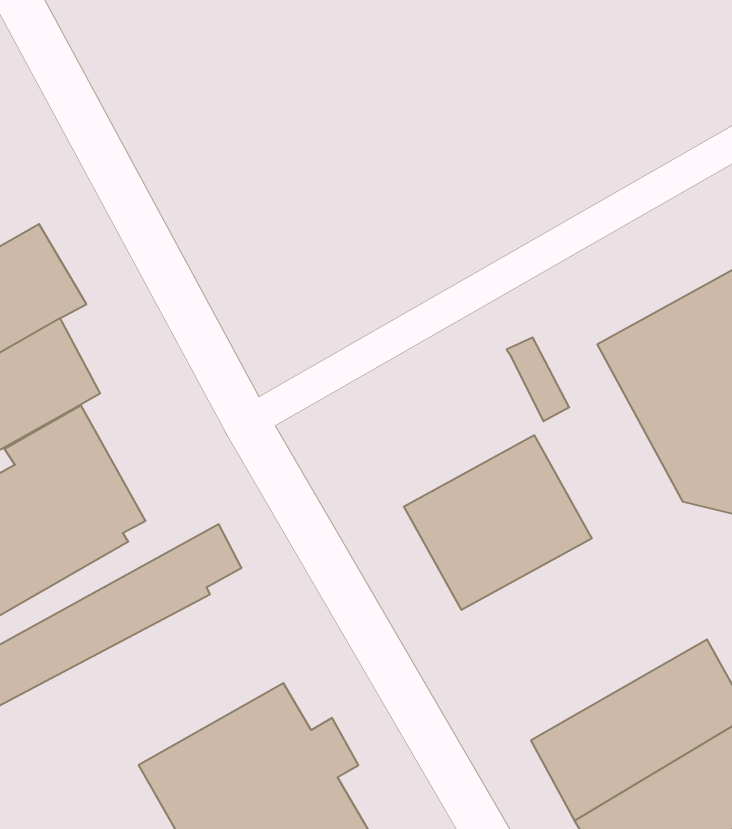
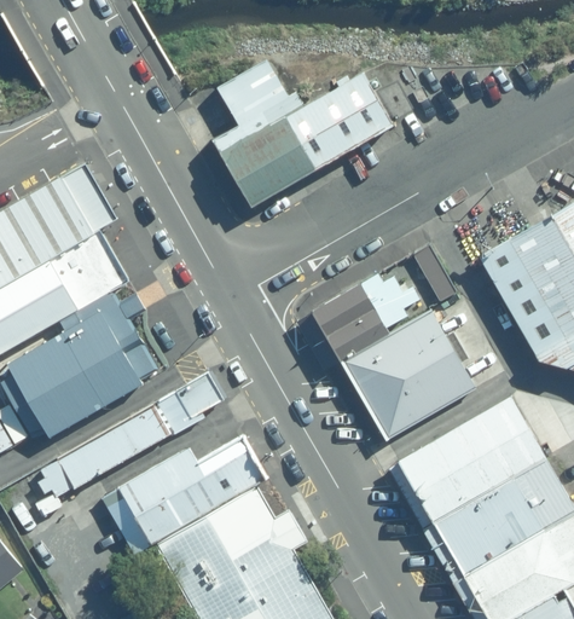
building: none -> [215,54,398,202]
building: none -> [308,272,423,359]
building: none -> [393,393,550,525]
building: none -> [100,434,269,555]

